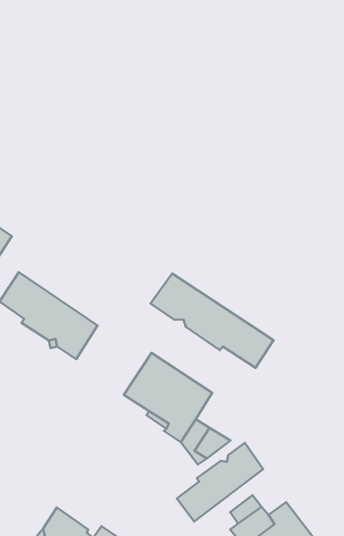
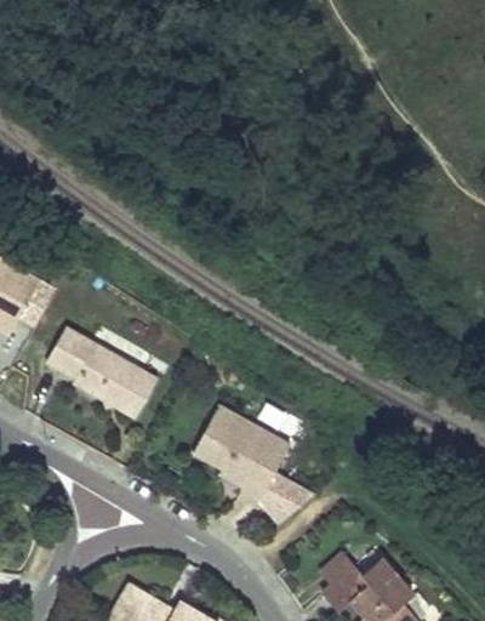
building: [151,274,274,368] -> none
building: [177,443,263,521] -> none

